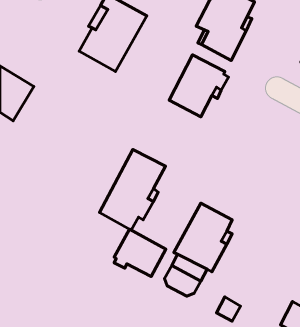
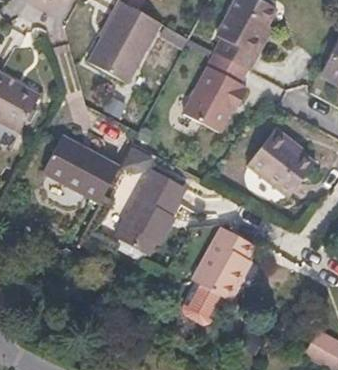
building: none -> [248,129,317,200]
building: none -> [41,135,118,203]
building: [114,229,166,277] -> none

